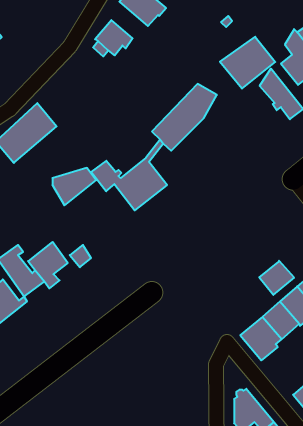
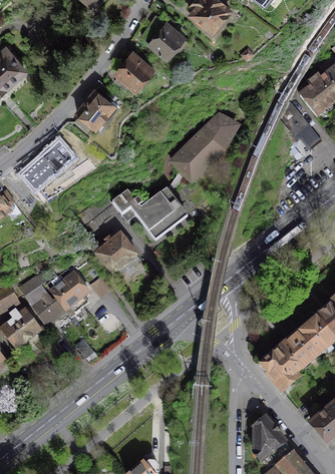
building: [220,37,275,89] -> none
building: none -> [75,80,118,129]
building: none -> [92,232,140,278]
building: [259,261,294,295] -> none

